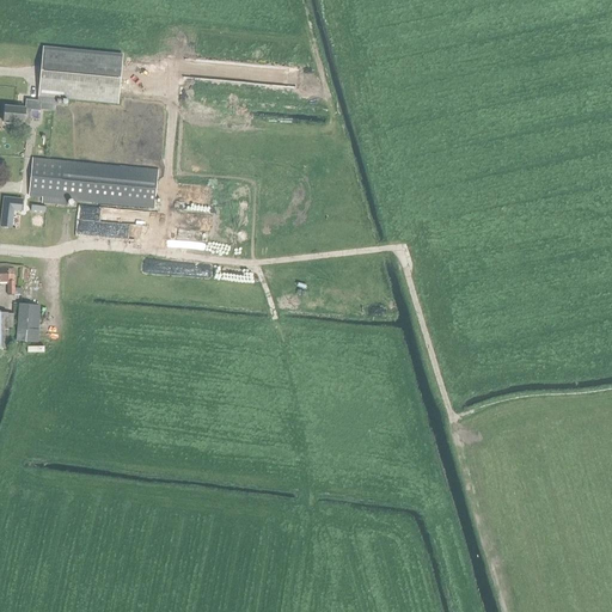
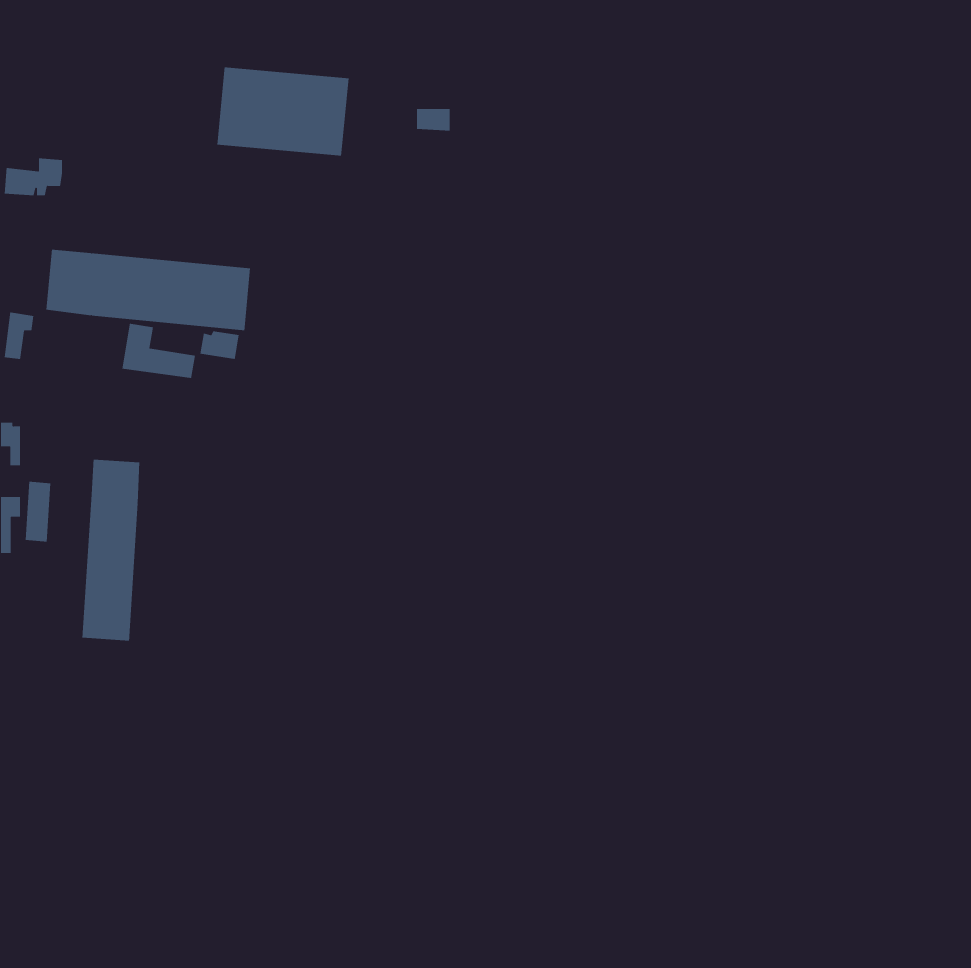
building: [37,47,121,103] -> [216,67,349,156]
building: none -> [82,459,140,642]

